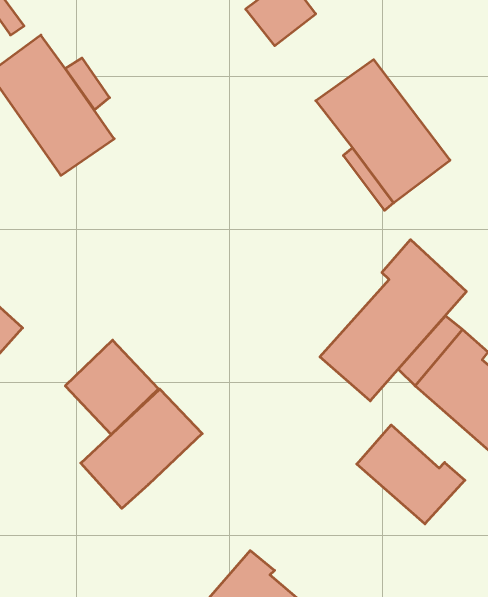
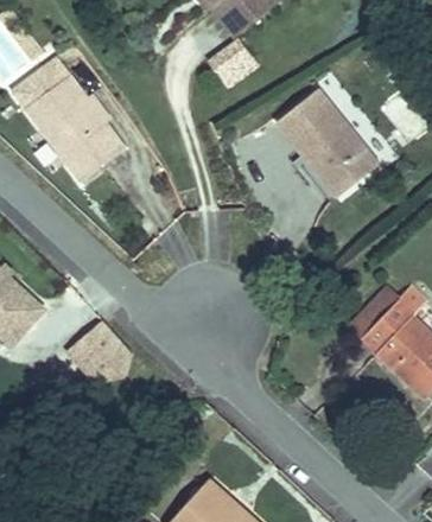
building: [320,240,466,401] -> none
building: [81,389,202,508] -> none
building: [357,425,465,524] -> none

